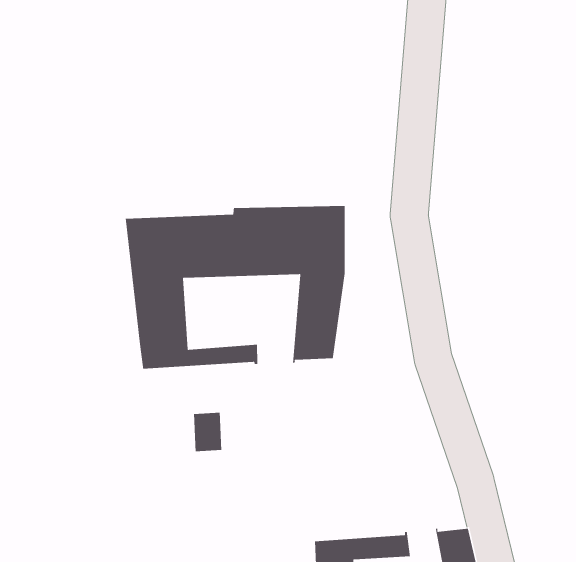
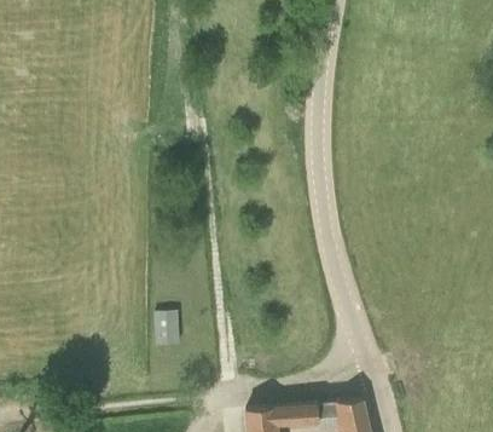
building: [125,205,346,370] -> none

